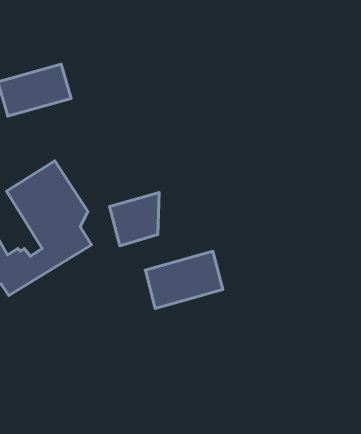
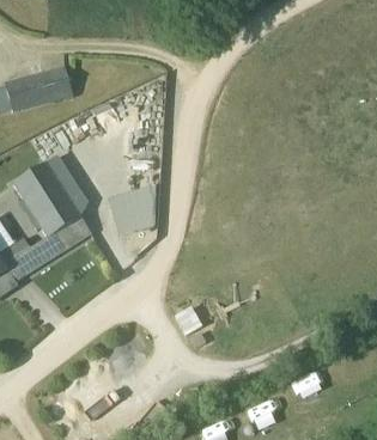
building: [145,251,223,308] -> none

